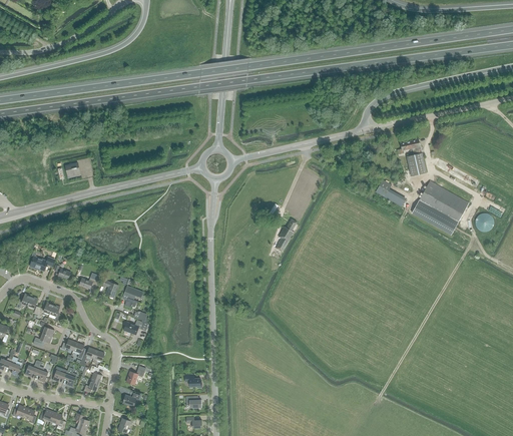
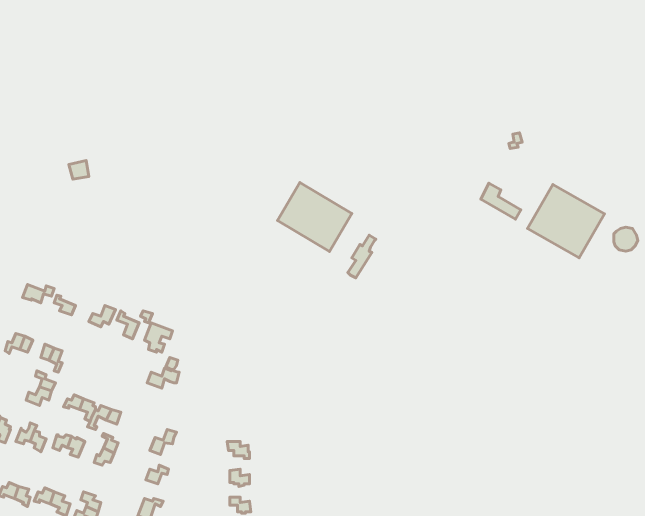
building: [407,139,426,176] -> none
building: none -> [278,182,352,252]

